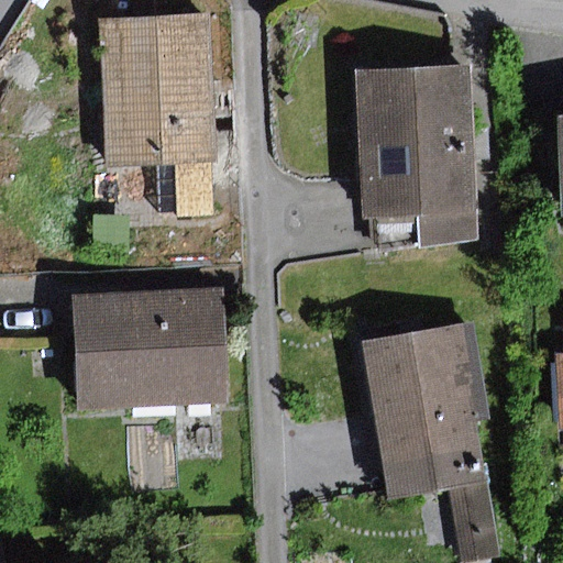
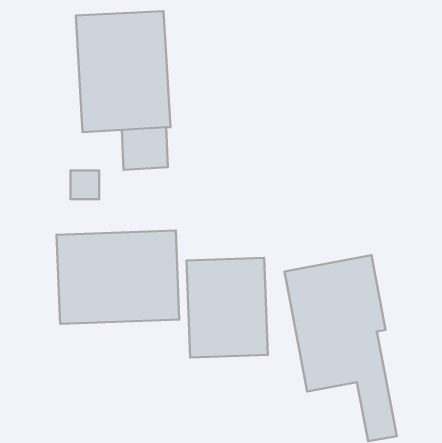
building: [355,63,477,252] -> none
building: none -> [187,258,268,357]

